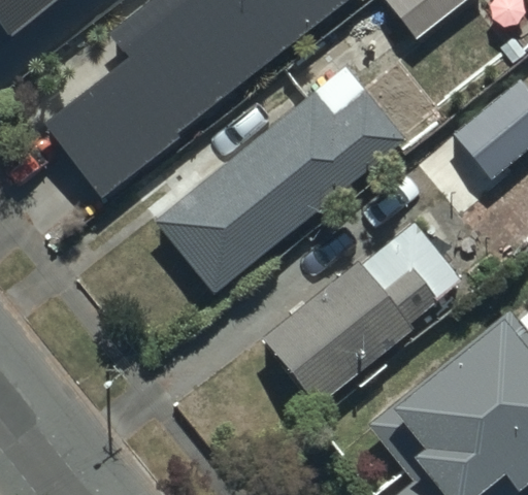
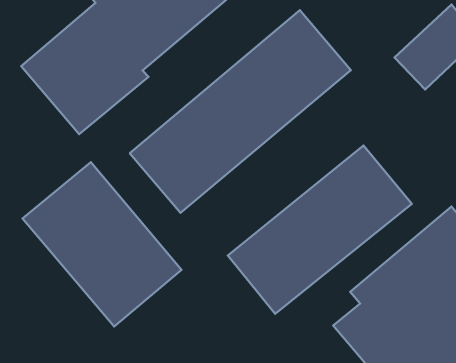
building: none -> [23,162,182,326]

